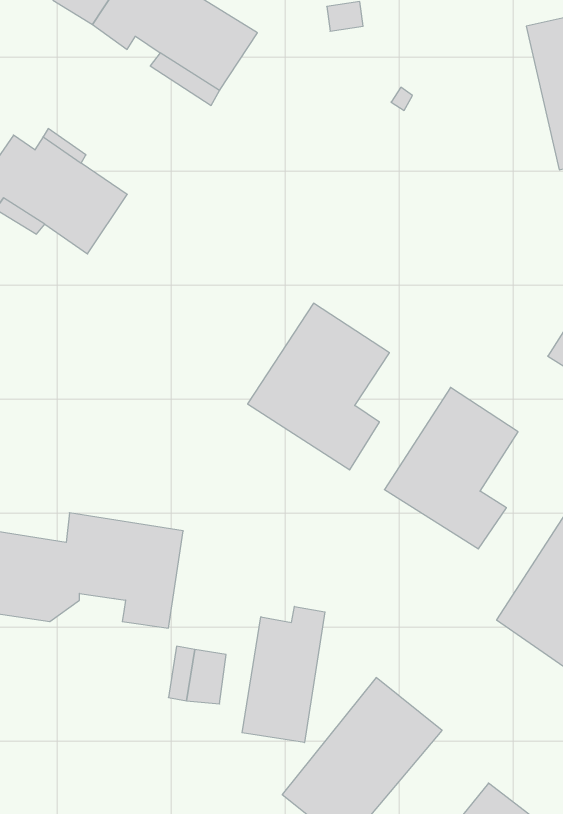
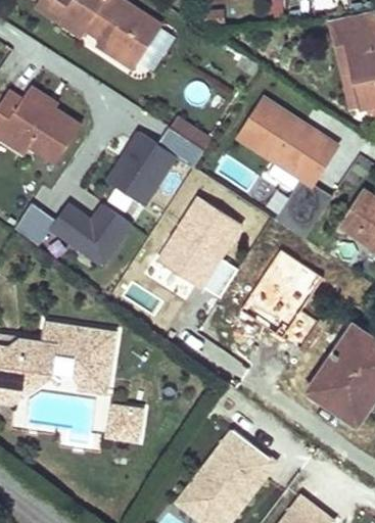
building: none -> [239,100,337,240]
building: none -> [104,127,204,205]
building: none -> [14,204,129,264]
building: [242,606,325,743] -> none

